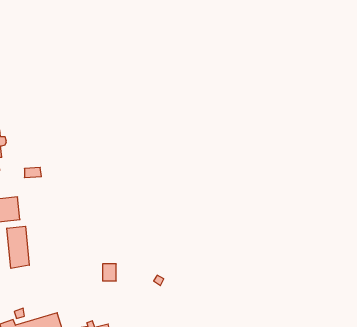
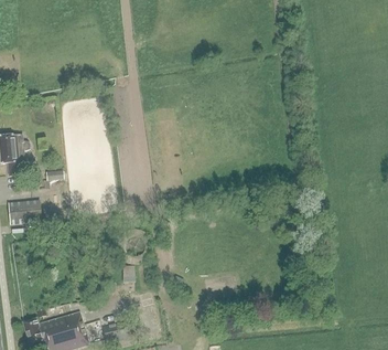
building: [7,226,29,268] -> none

